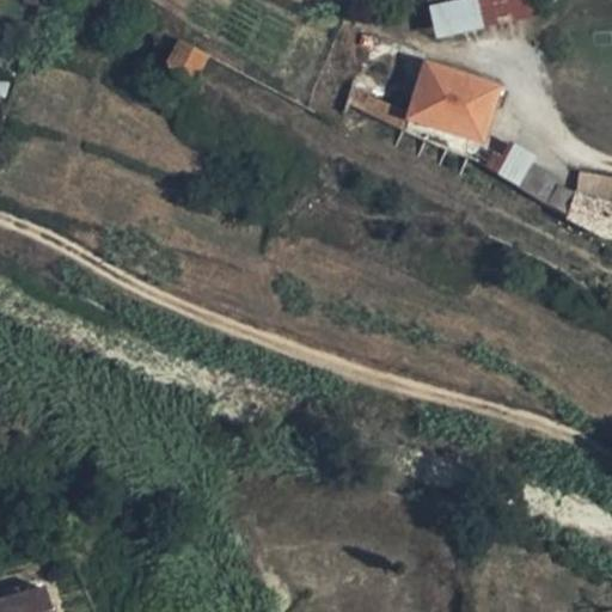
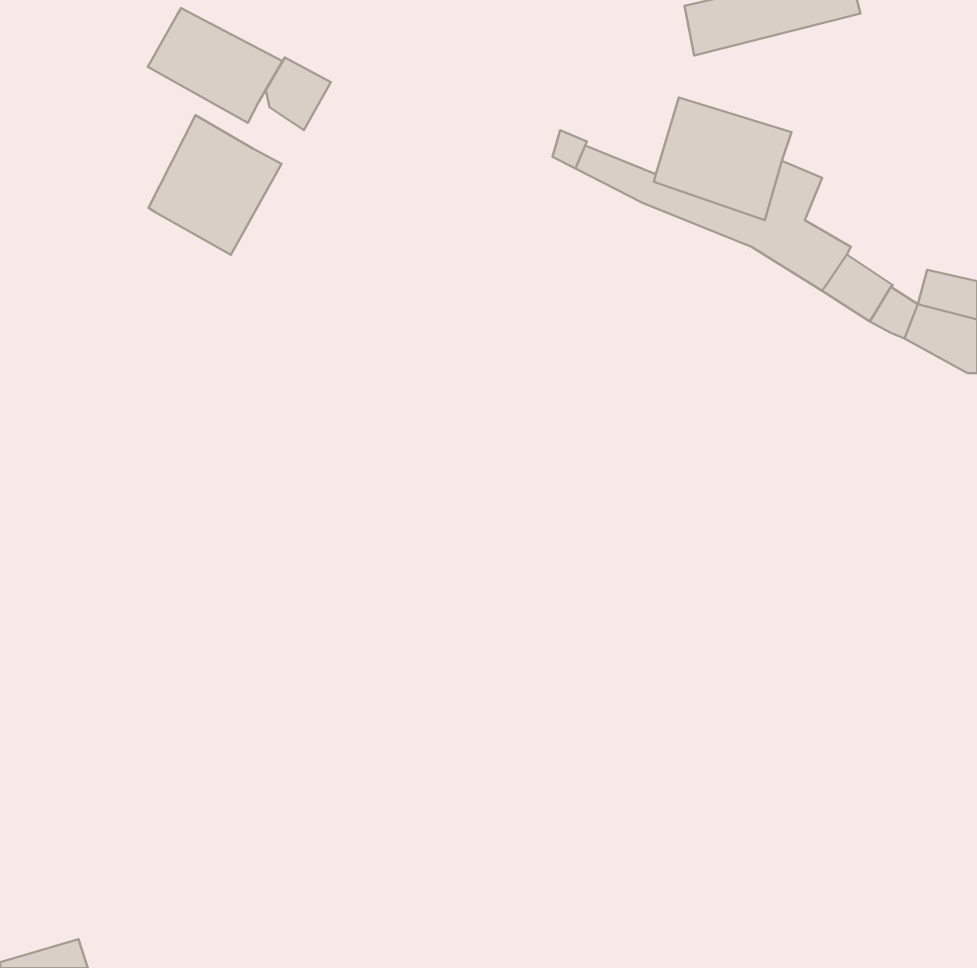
building: none -> [148,8,282,123]
building: none -> [149,115,282,255]

